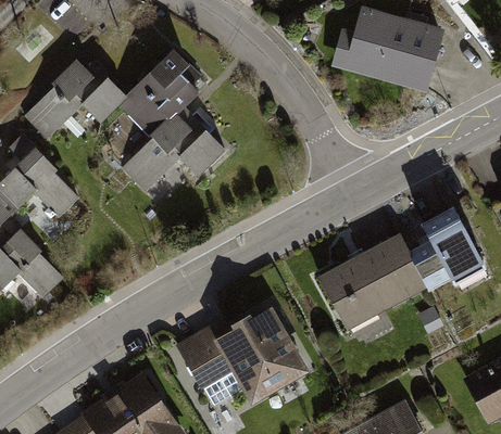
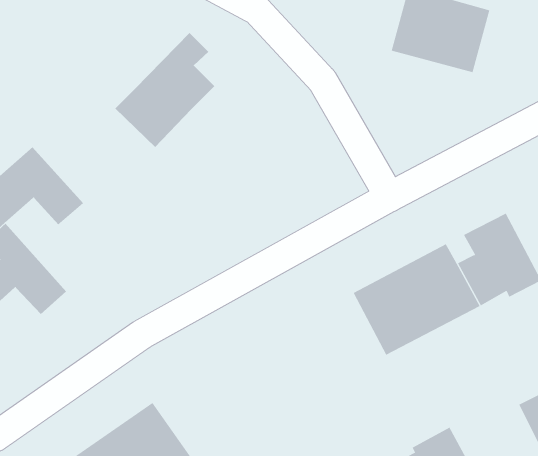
building: [23,56,124,141] -> none
building: [122,116,226,196] -> none
building: [176,301,302,404] -> none

